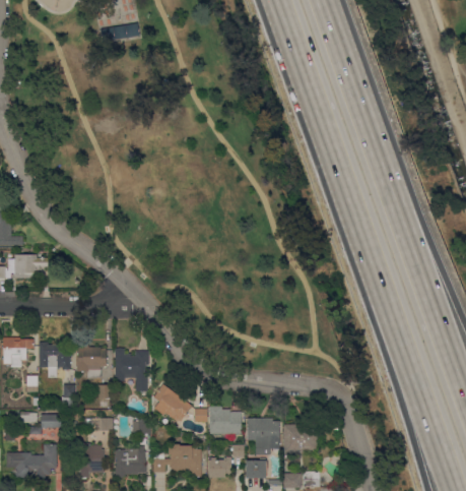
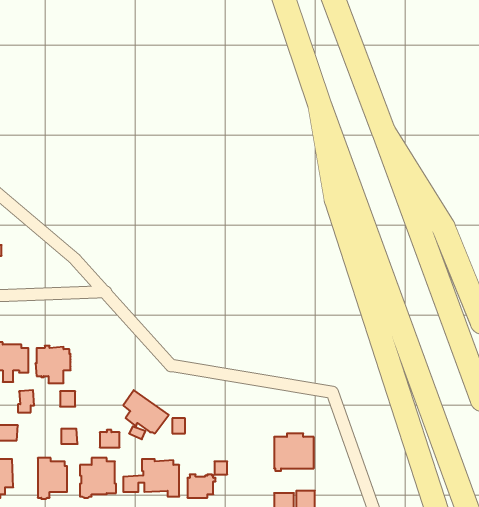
building: [114,348,149,390] -> none
building: [208,406,241,433] -> none
building: [246,418,279,449] -> none
building: [246,459,265,479] -> none

